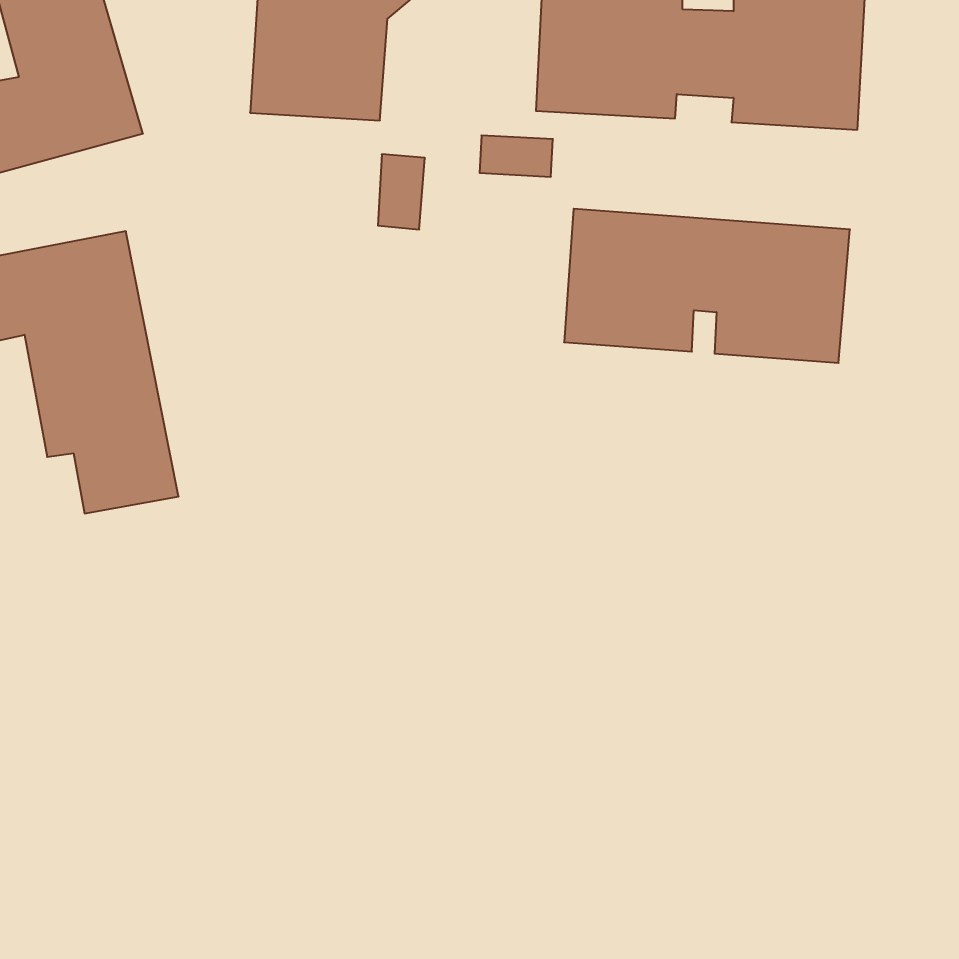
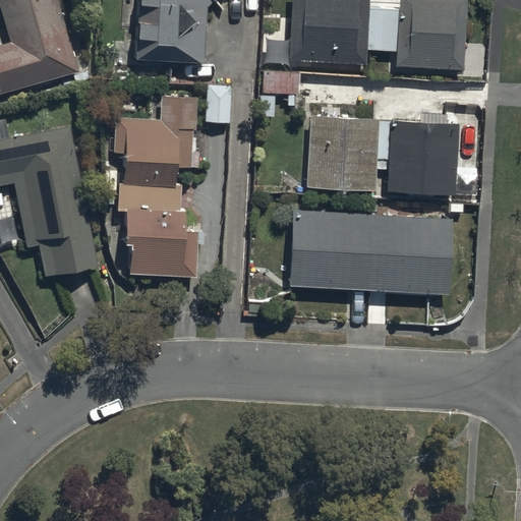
building: none -> [113,96,199,278]
building: none -> [287,213,453,295]

